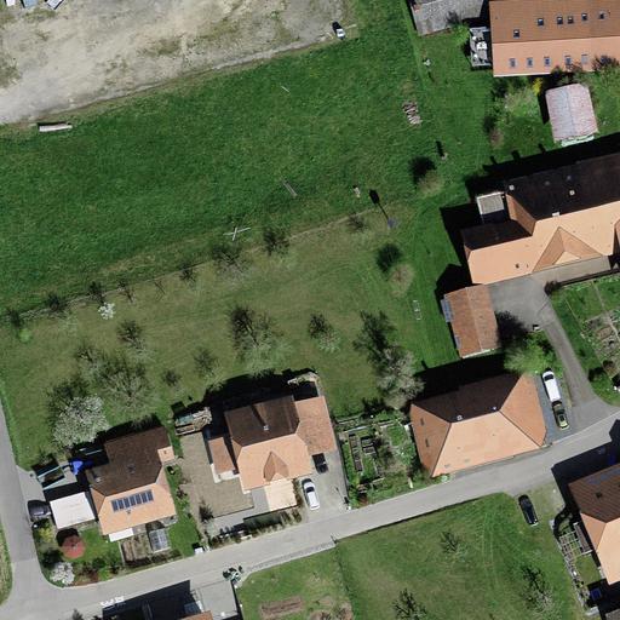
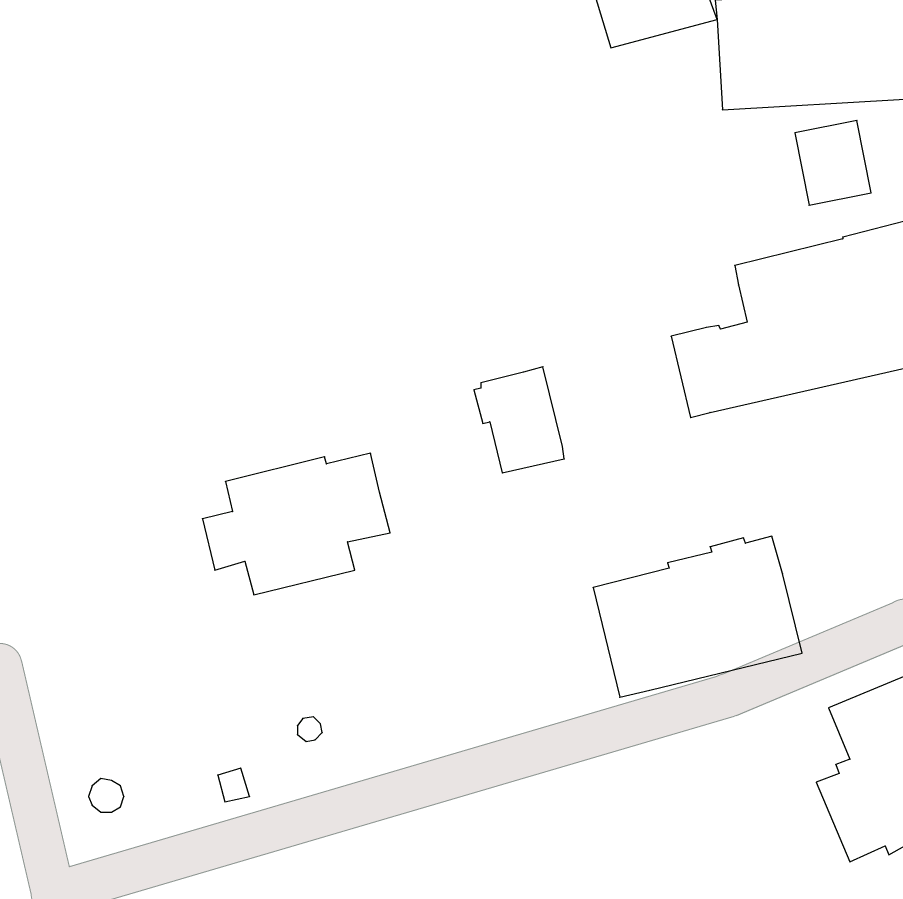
building: [440,282,501,355] -> [474,367,564,473]
building: [209,394,338,490] -> [202,453,390,595]
building: [51,424,177,541] -> none

